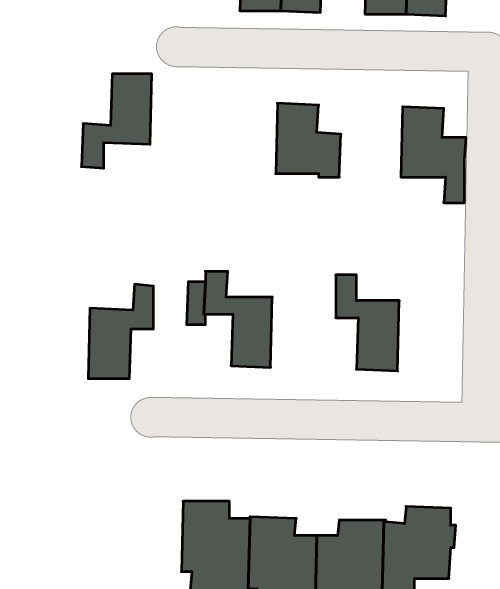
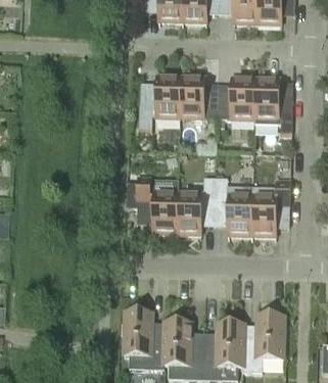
building: [81,74,152,168] -> [139,75,181,131]
building: none -> [231,77,255,118]
building: none -> [252,178,290,234]
building: [88,284,153,379] -> [177,176,216,232]

